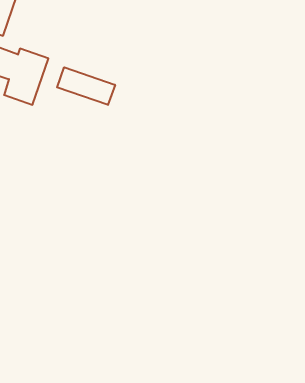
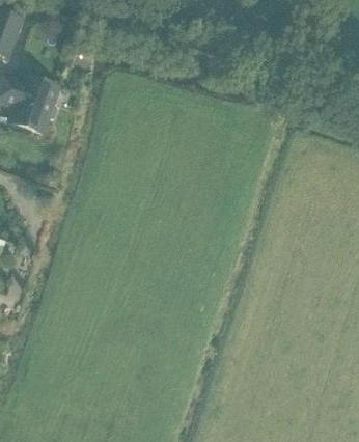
building: [57,67,115,105] -> none

